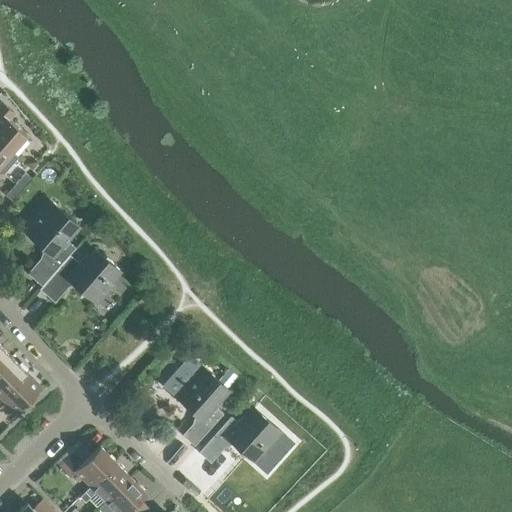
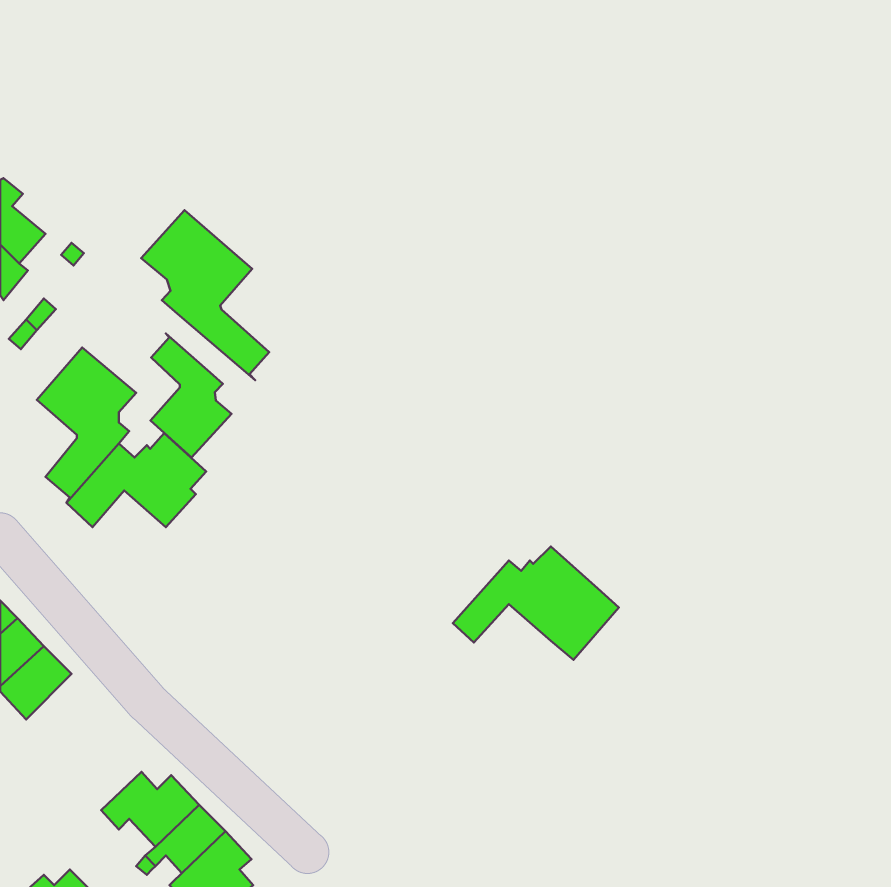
building: none -> [141,210,269,380]
building: none -> [150,334,232,457]
building: [163,357,228,448] -> none
building: [198,410,293,475] -> [453,546,619,660]

